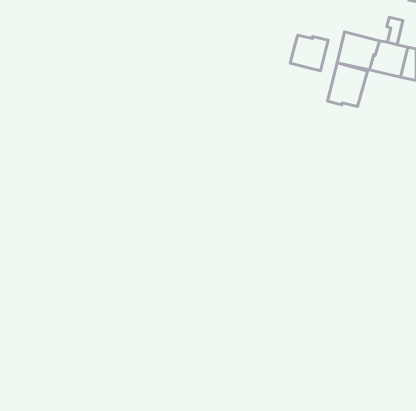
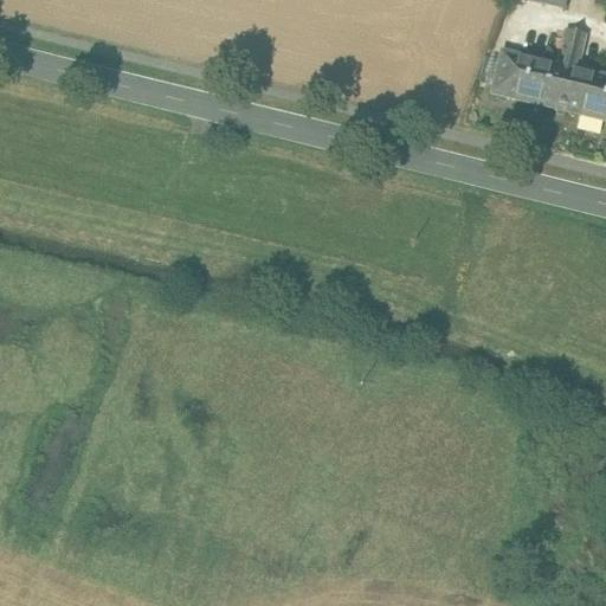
building: [290,35,328,71] -> none
building: [327,63,367,107] -> none

